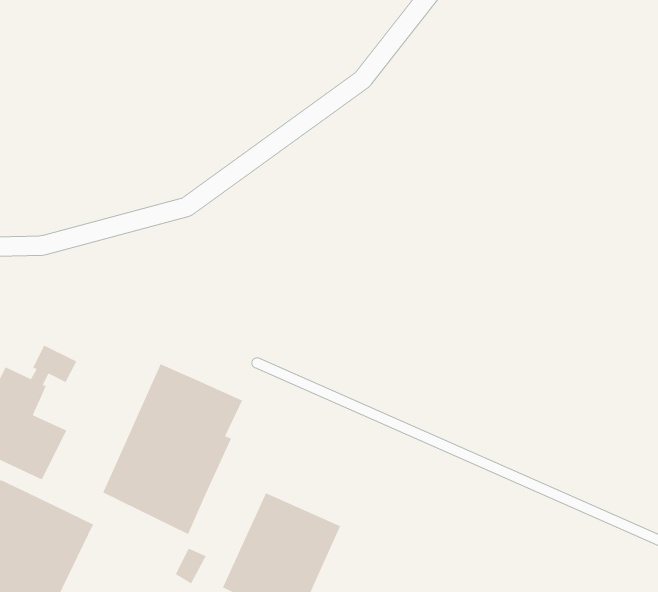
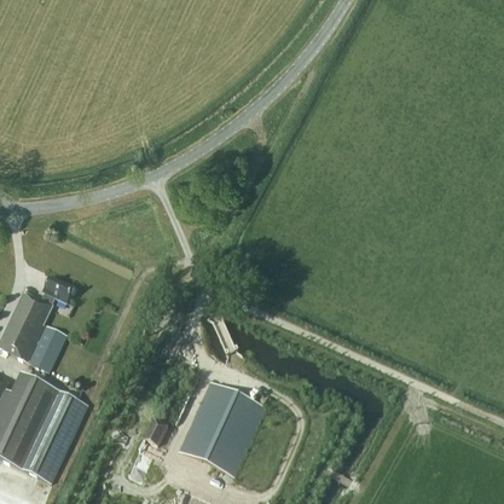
building: [102,363,243,535] -> none

